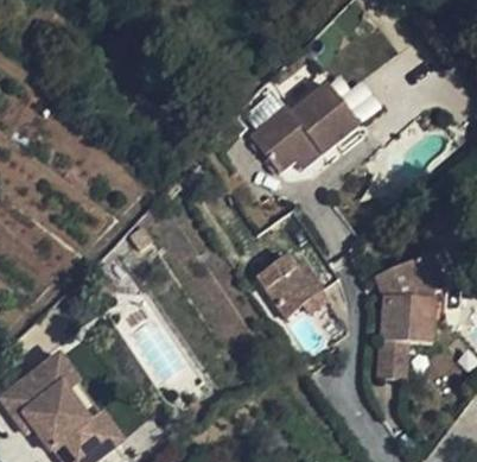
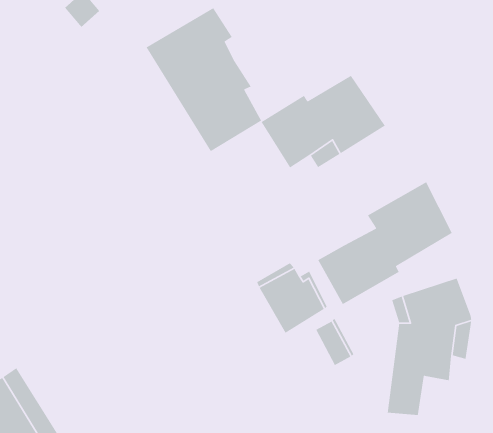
building: none -> [145,7,262,152]
building: none -> [317,181,453,305]

